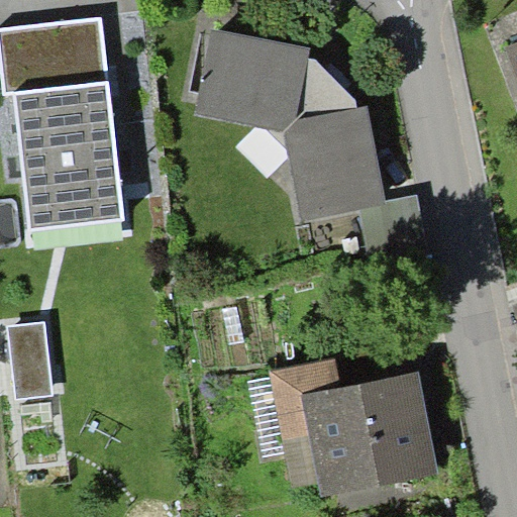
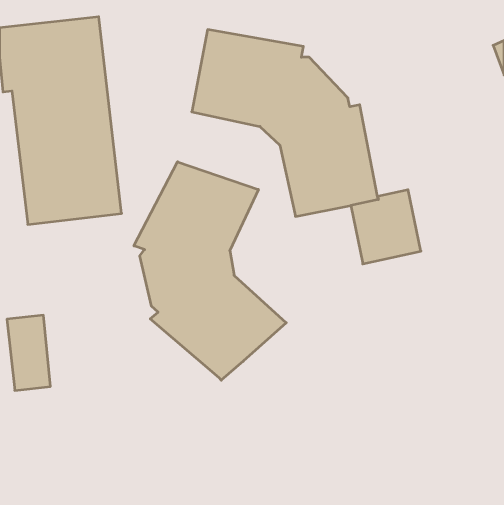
building: none -> [134,162,286,380]
building: [269,359,437,496] -> none

